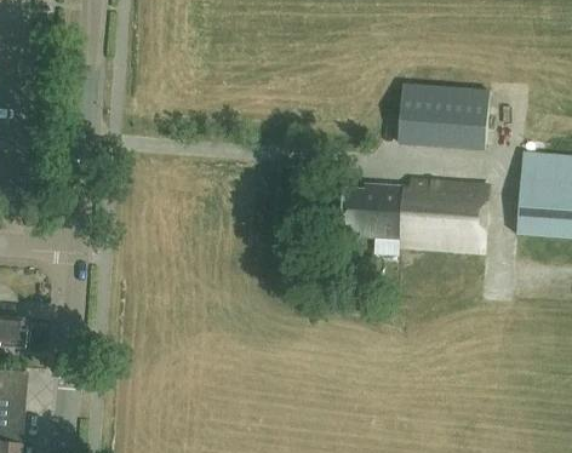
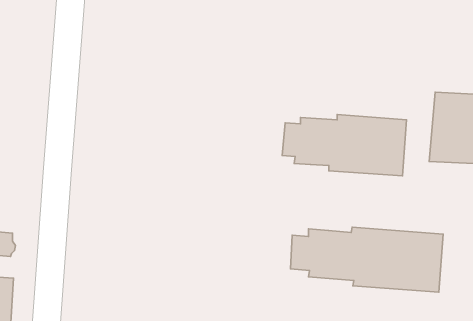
building: [399,82,490,149] -> none
building: none -> [291,227,443,292]

